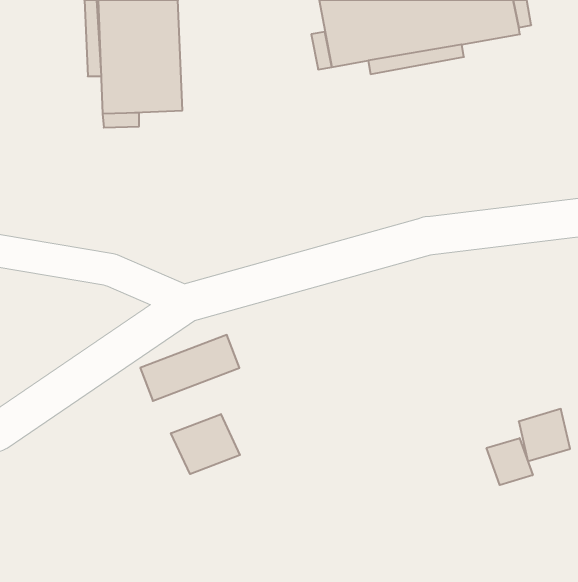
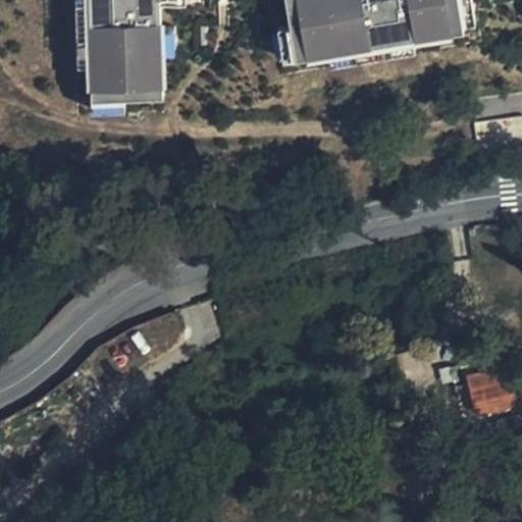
building: [171,414,240,474] -> none
building: [487,438,533,485] -> none

